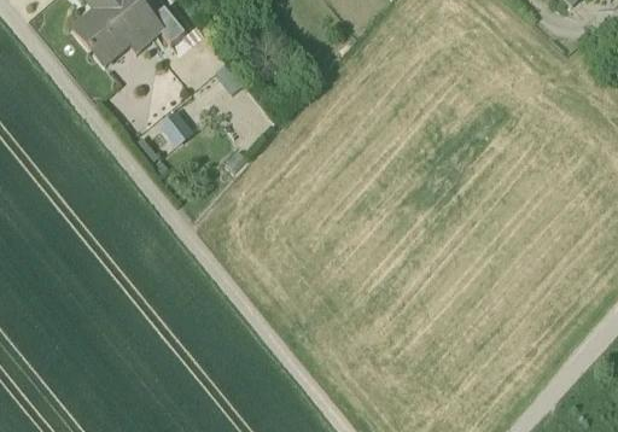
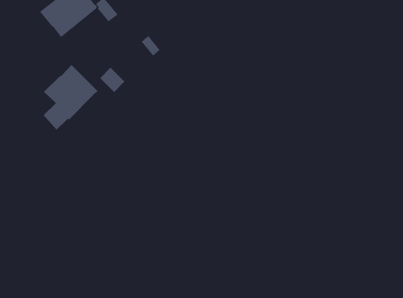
building: none -> [43,64,98,131]

